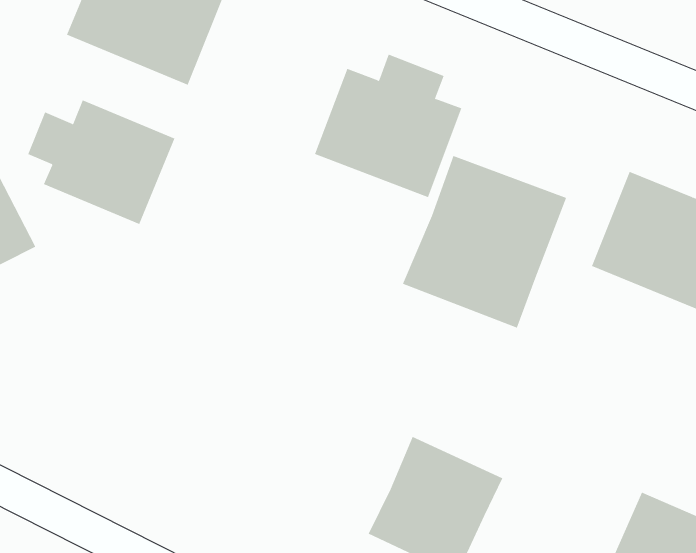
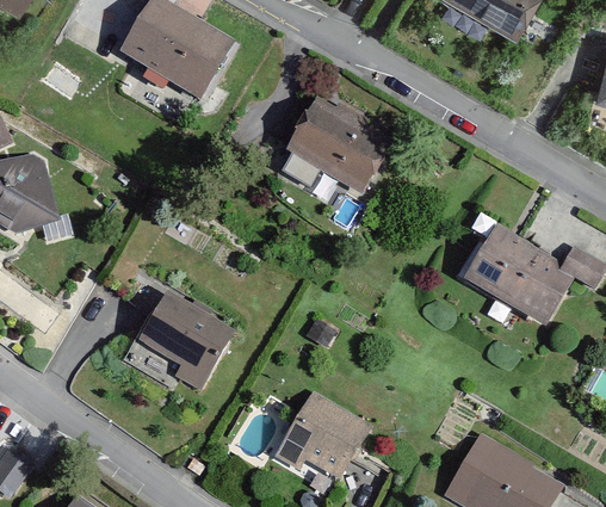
building: [27,99,175,225] -> none
building: [402,155,567,329] -> none
building: none -> [130,284,234,388]

